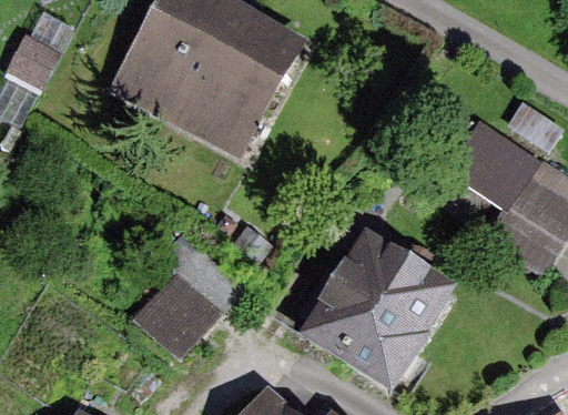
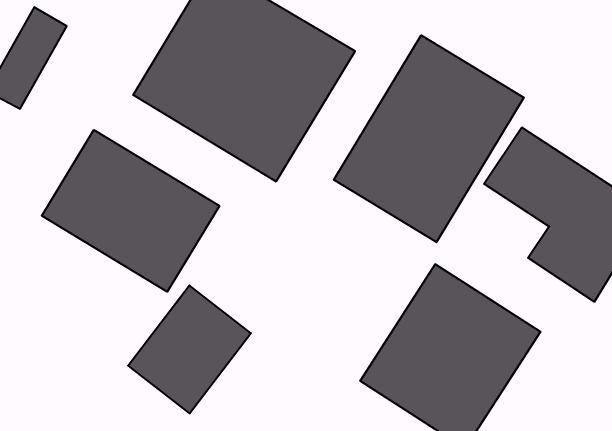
building: none -> [334,35,524,242]
building: none -> [42,130,219,292]

